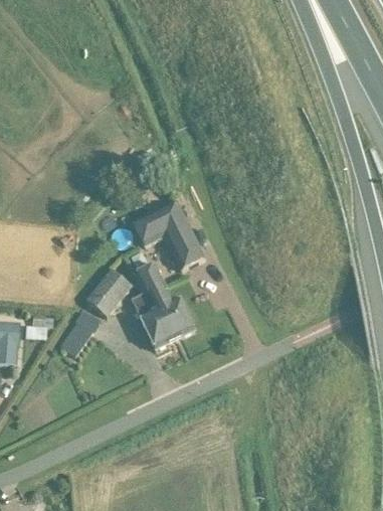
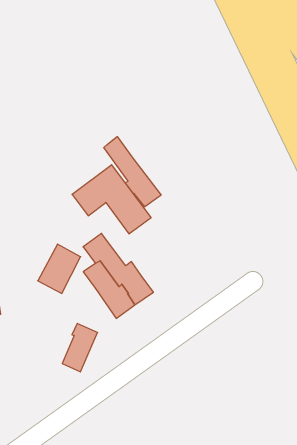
building: none -> [104,137,161,207]
building: [60,310,100,357] -> [62,323,98,372]

